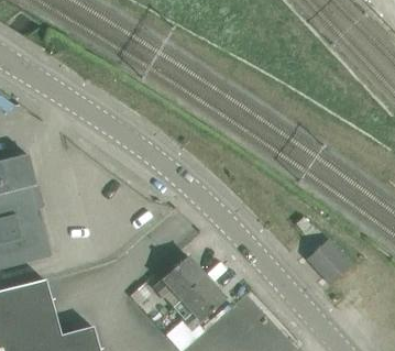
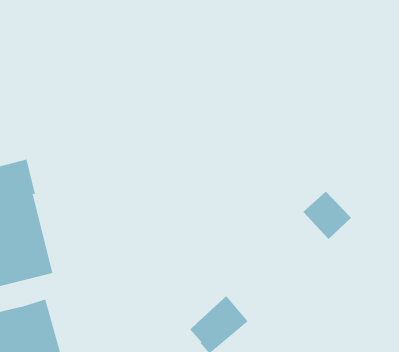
building: [307,239,351,283] -> [303,191,352,240]
building: [153,255,206,298] -> none

